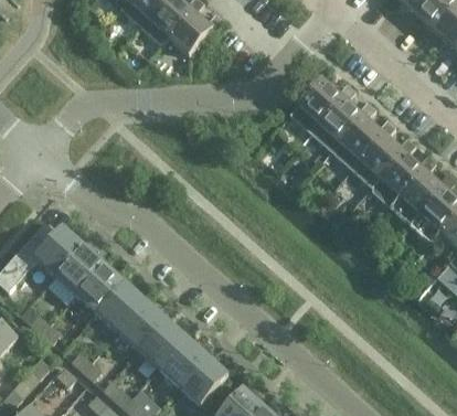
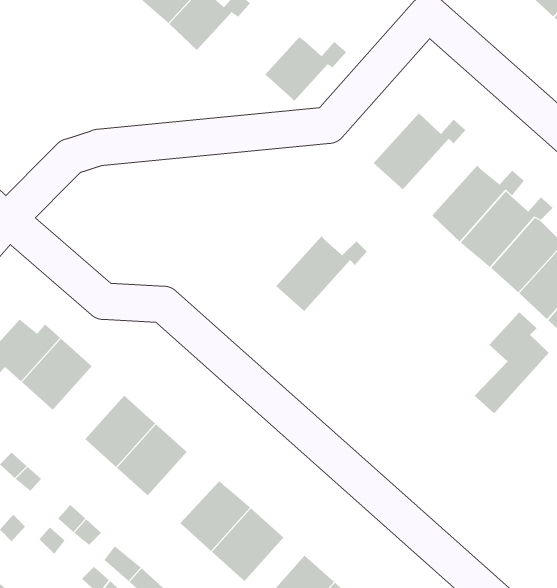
building: [168,10,225,55] -> [264,36,347,101]
building: [311,98,375,151] -> [276,236,367,312]
building: none -> [474,311,550,414]
building: [67,256,117,307] -> none
building: [134,316,183,365] -> none

